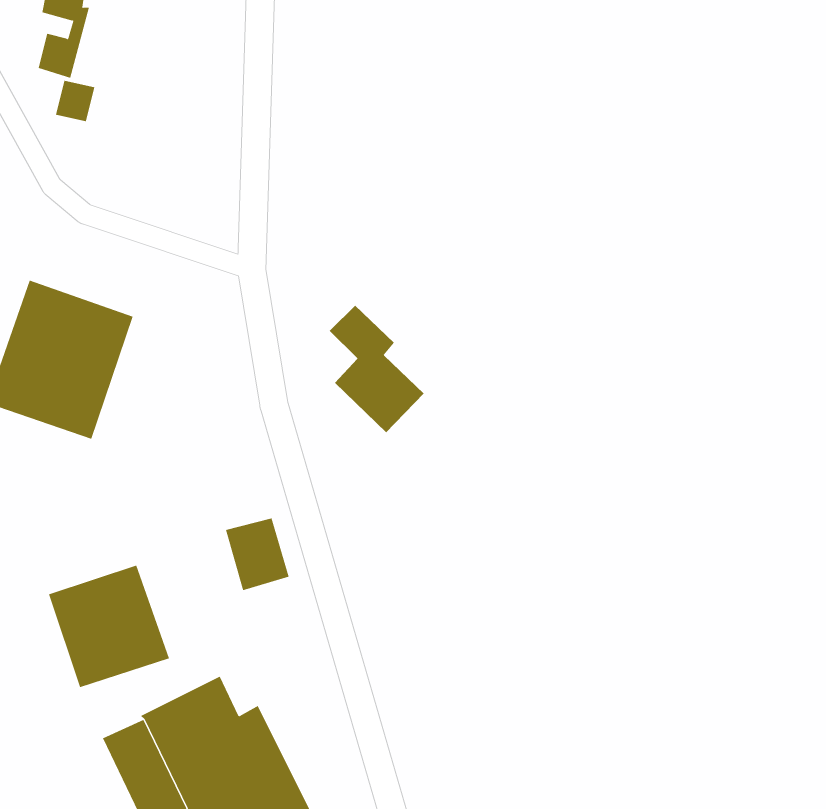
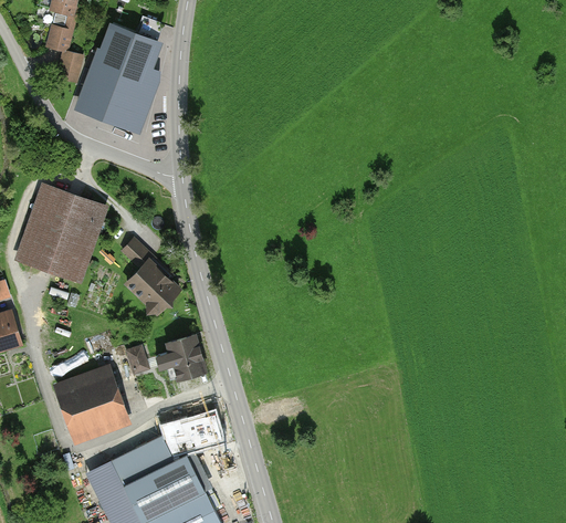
building: none -> [74,24,163,134]
building: [329,305,424,433] -> [119,234,180,316]
building: none -> [125,345,149,375]
building: none -> [167,410,224,449]

